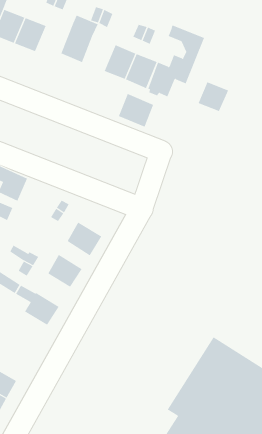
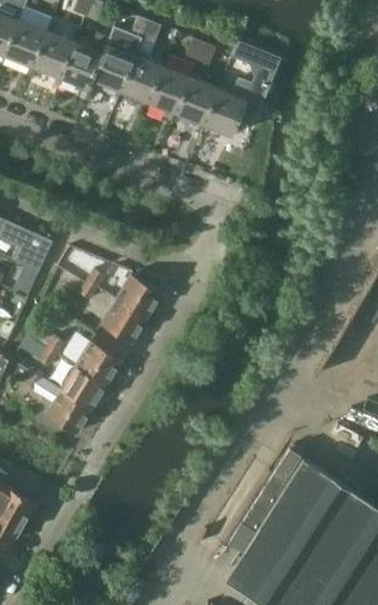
building: none -> [59,35,107,89]
building: none -> [120,57,163,102]
building: [198,81,229,112] -> none
building: [118,93,154,128] -> none
building: none -> [114,274,160,318]
building: none -> [59,366,105,409]

